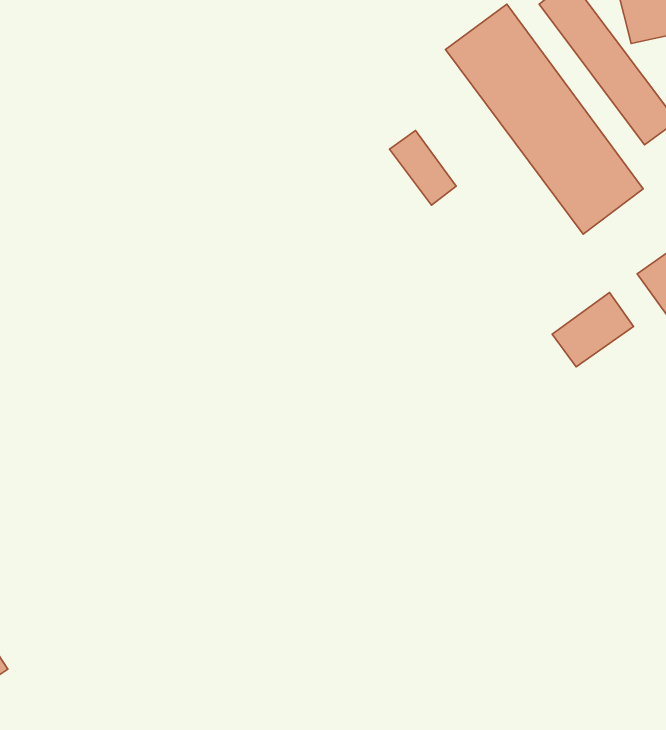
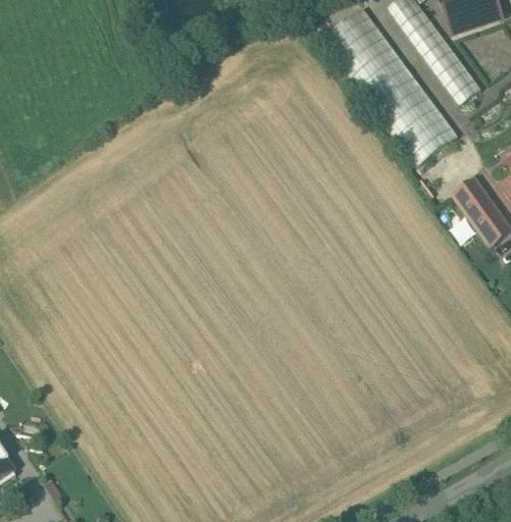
building: [390,130,456,205] -> none
building: [552,293,633,367] -> none

